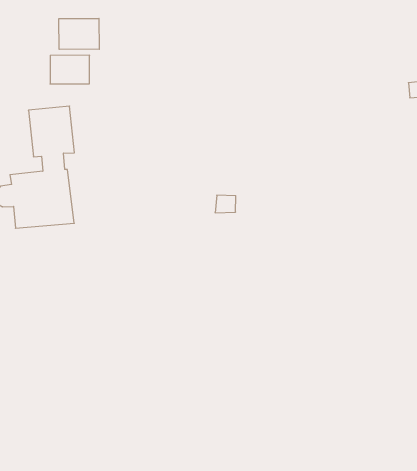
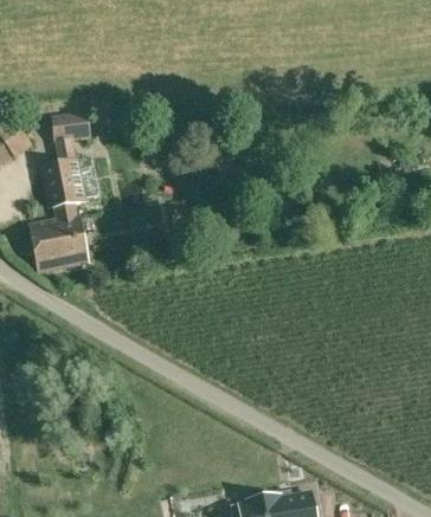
building: [59,18,99,49] -> none

